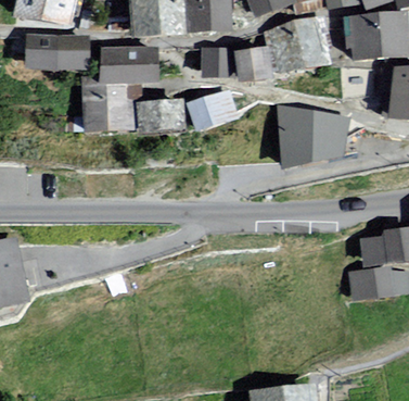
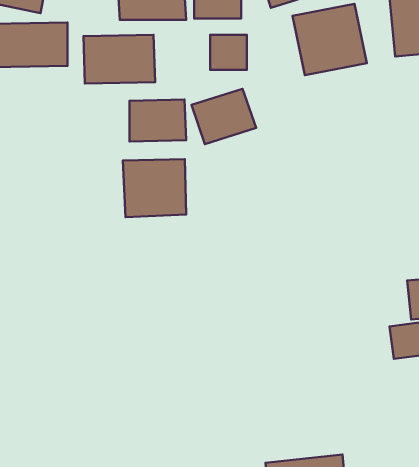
building: [233,42,270,82] -> none
building: [82,83,133,129] -> [123,159,186,217]
building: [283,105,346,159] -> none

